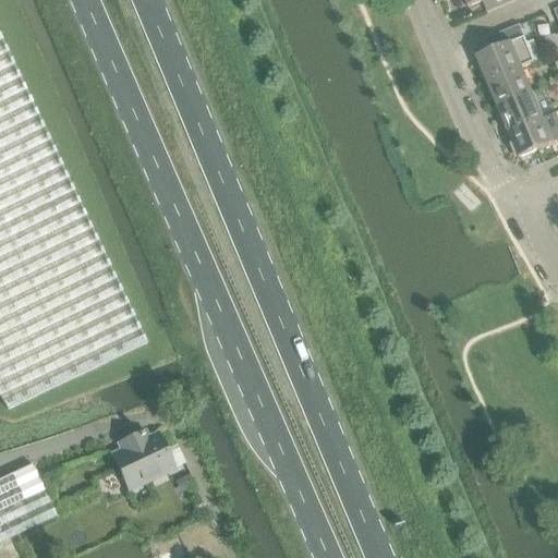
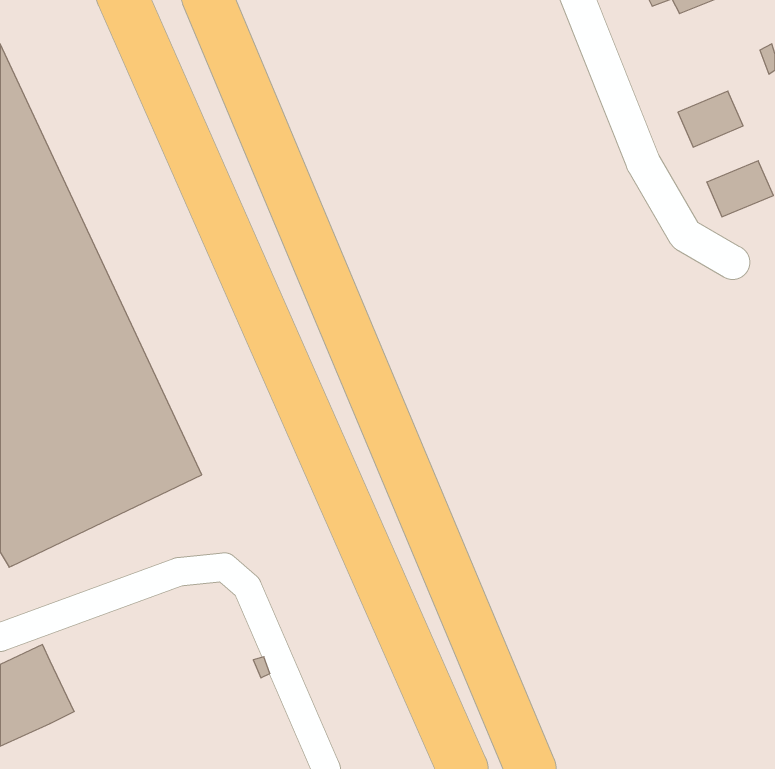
building: [476,24,534,81] -> none
building: [498,90,545,131] -> none
building: [110,429,172,488] -> none

